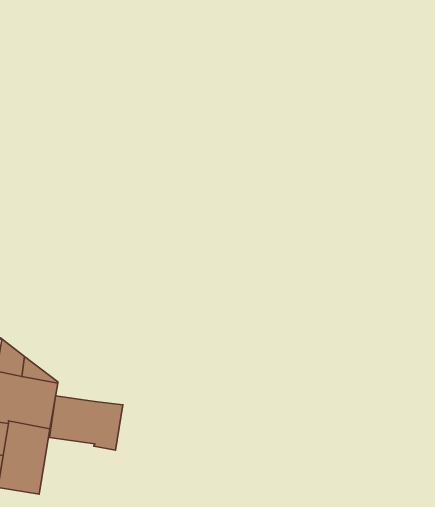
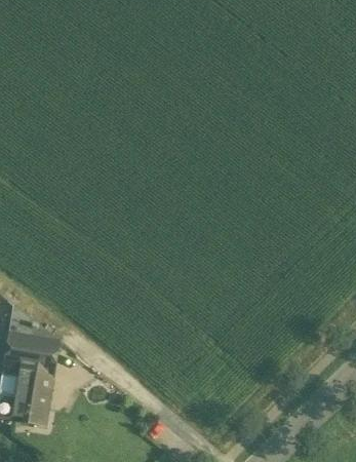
building: [49,396,123,450] -> none

